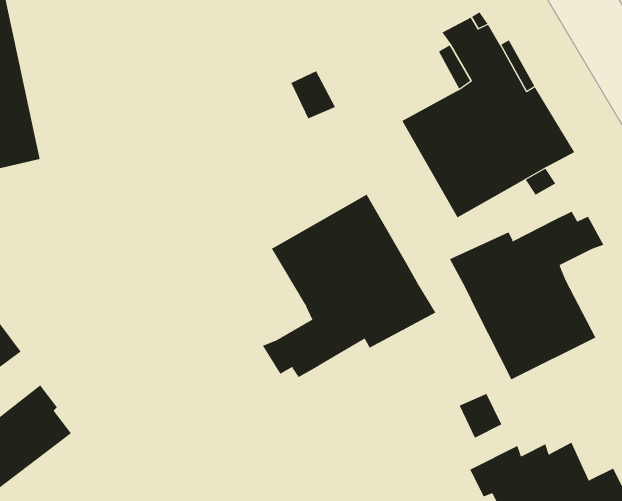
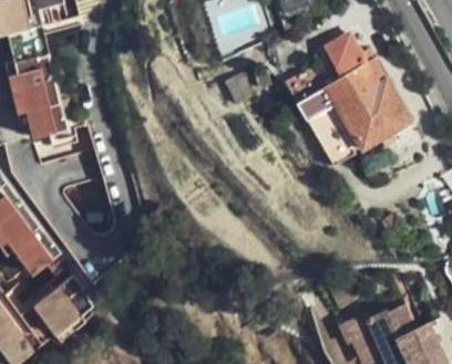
building: [262,194,436,378] -> none
building: [449,211,604,380] -> none

